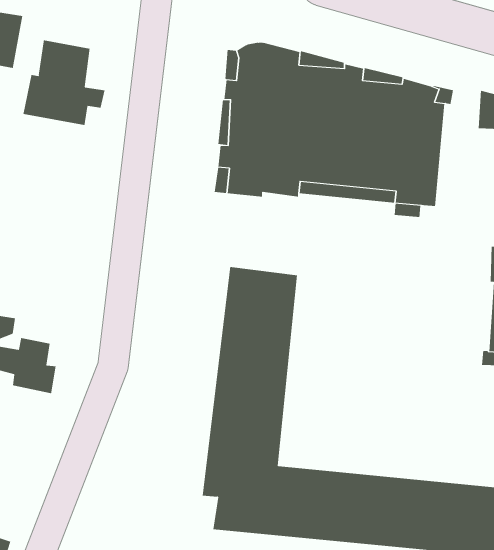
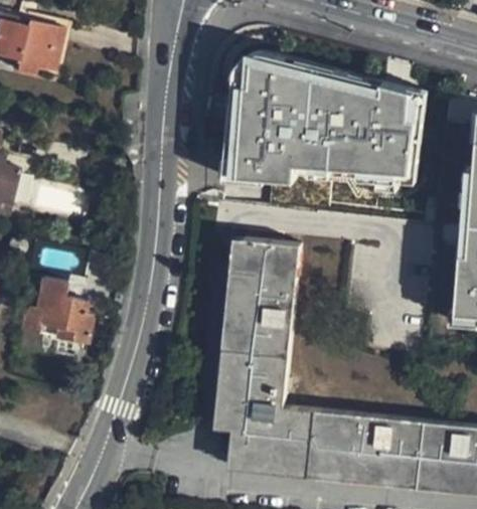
building: [23,40,105,126] -> none

